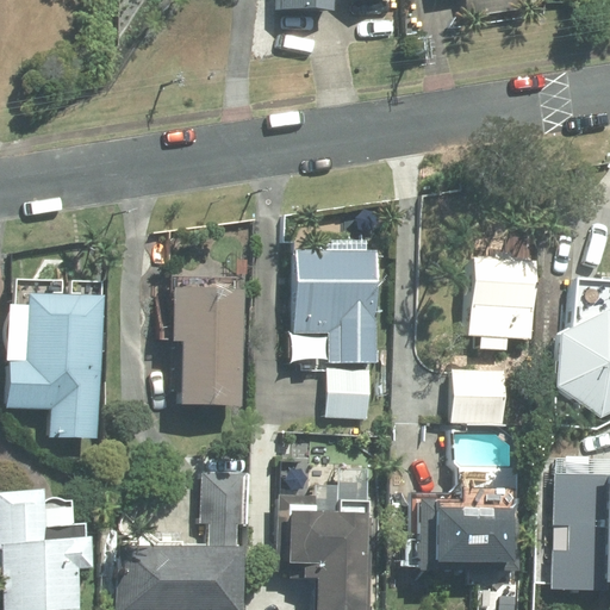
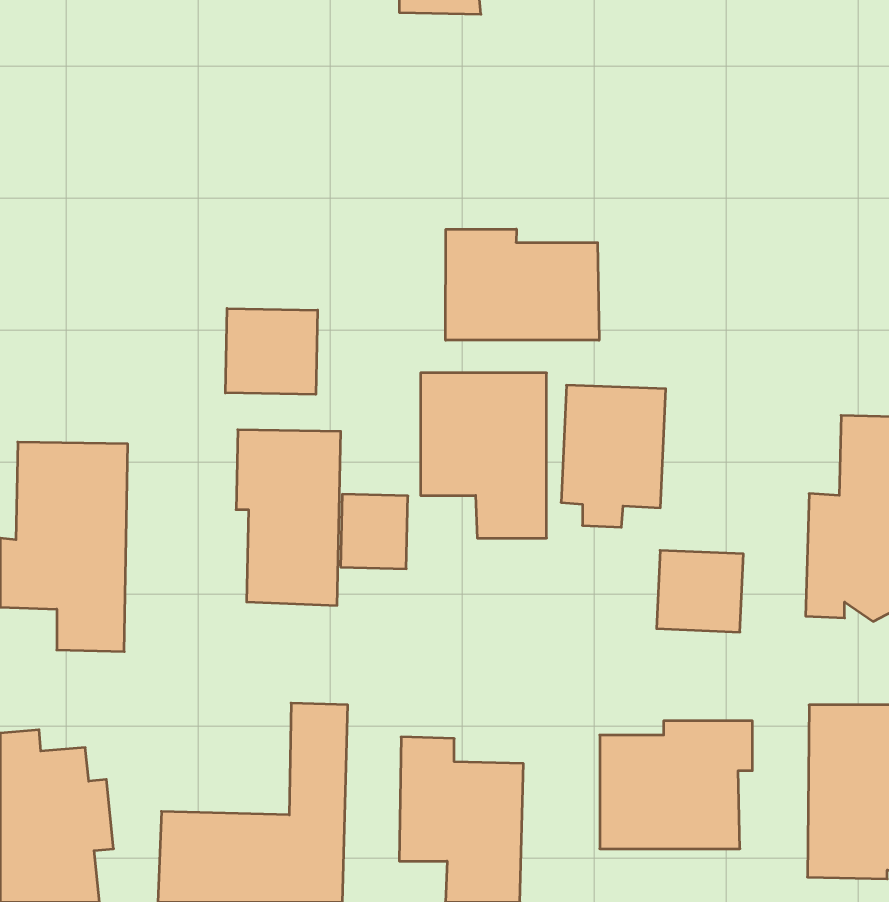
building: none -> [446,229,599,340]
building: none -> [225,308,318,394]
building: [468,255,539,350] -> [561,385,666,527]
building: [331,367,376,417] -> [341,494,408,569]

